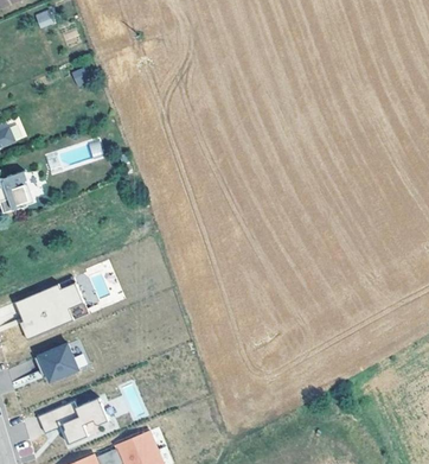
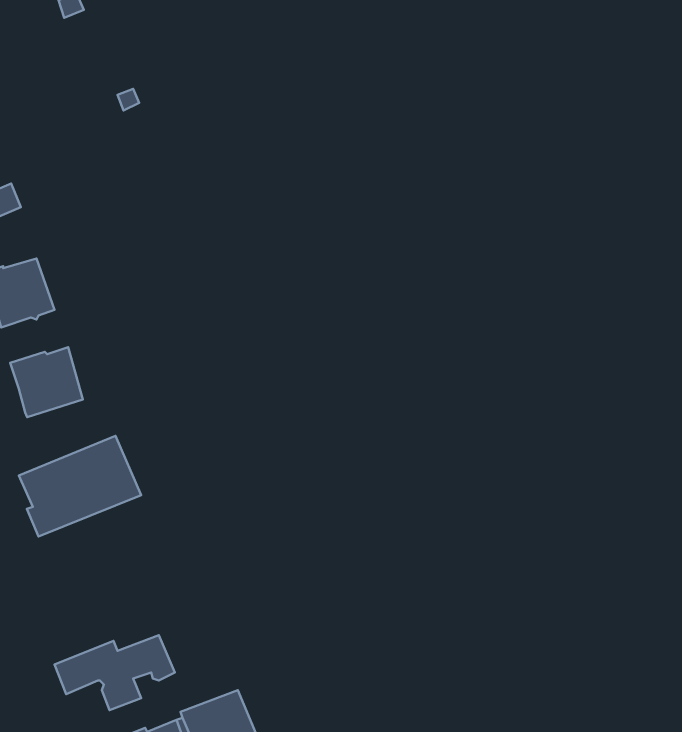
building: none -> [10,347,83,417]
building: [33,341,89,381] -> none

